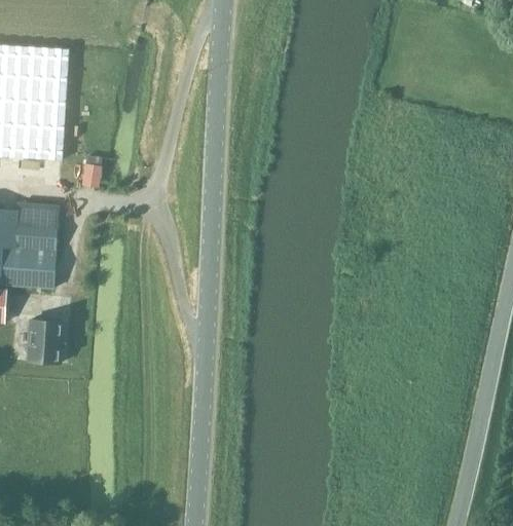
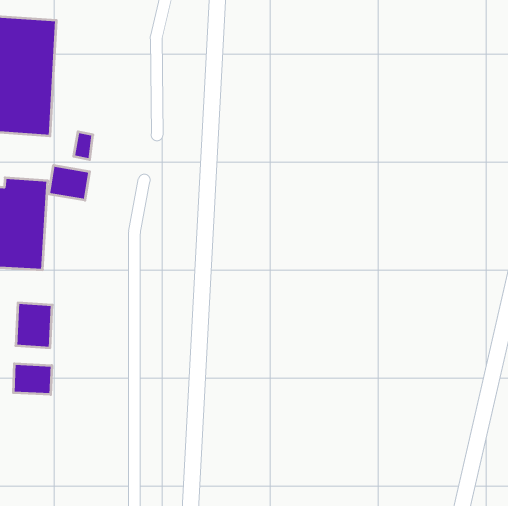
building: none -> [49,165,90,200]
building: none -> [13,364,52,395]

